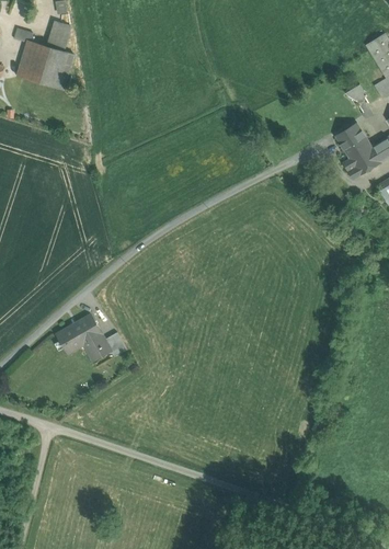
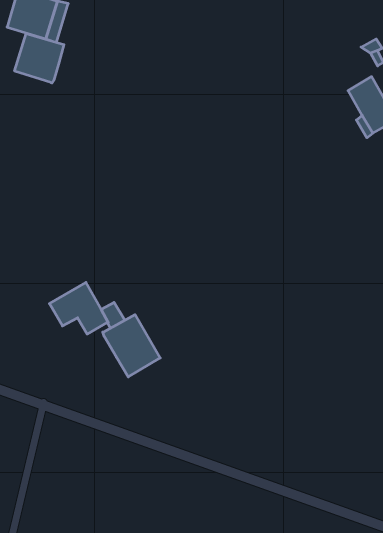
building: none -> [15,33,64,83]
building: none -> [103,315,160,377]

